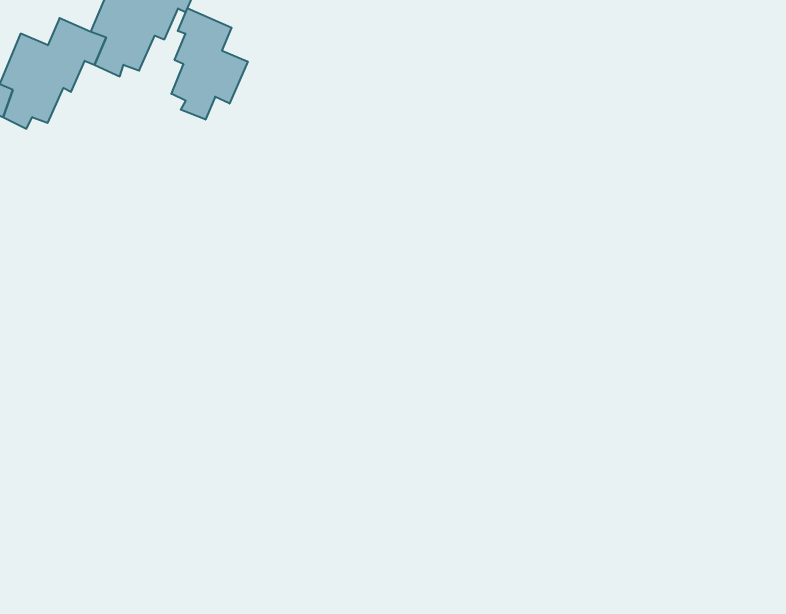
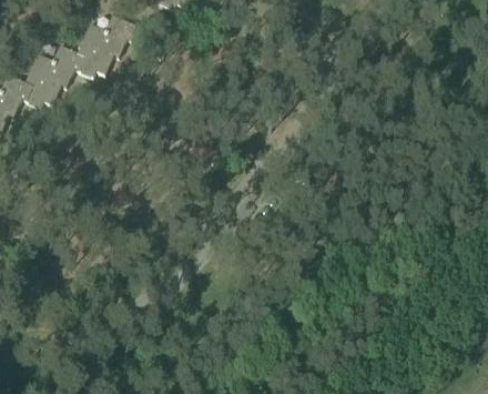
building: [171,8,248,120] -> none

